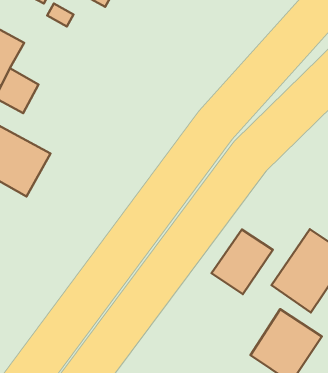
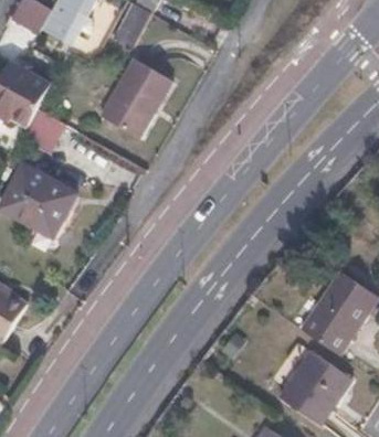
building: none -> [99,57,171,138]
building: [212,230,273,294] -> none

